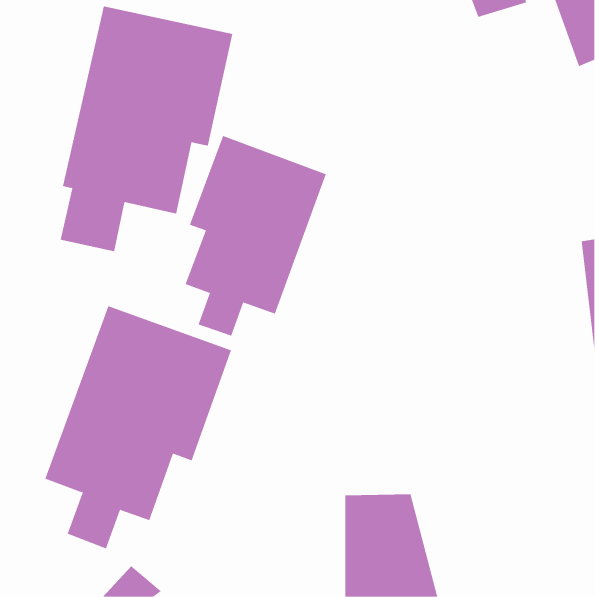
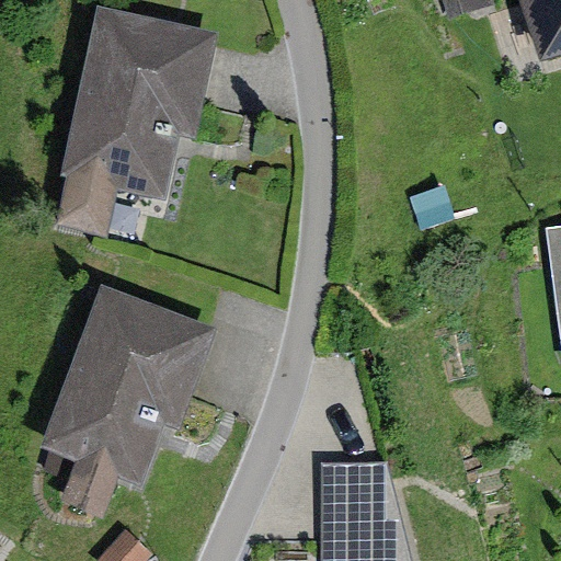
building: [185,135,327,337] -> none

